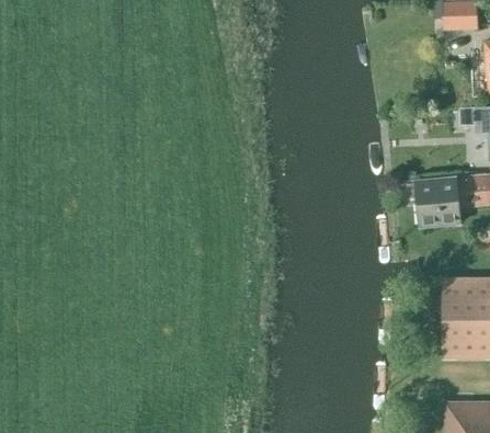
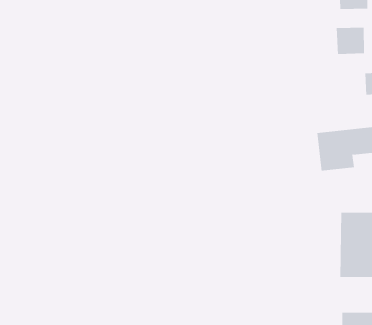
building: none -> [336,27,365,55]

